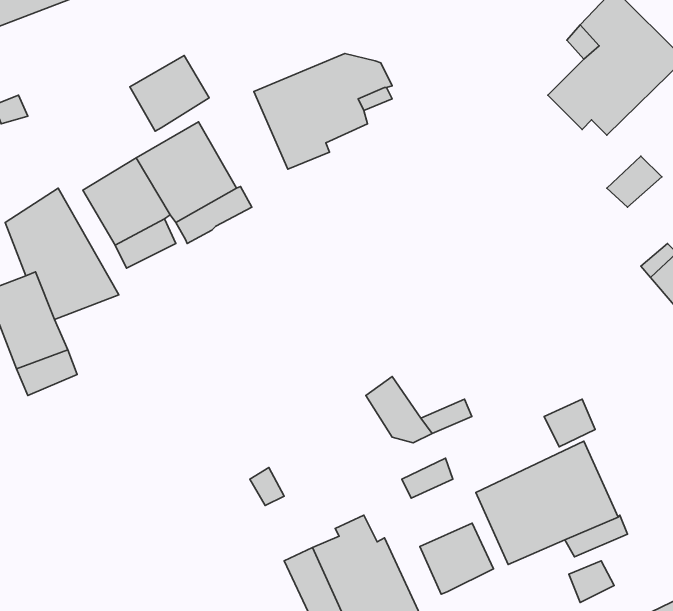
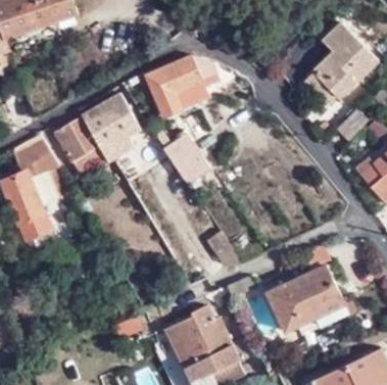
building: [130,56,209,131] -> none
building: none -> [167,133,214,184]
building: [420,523,493,594] -> none

